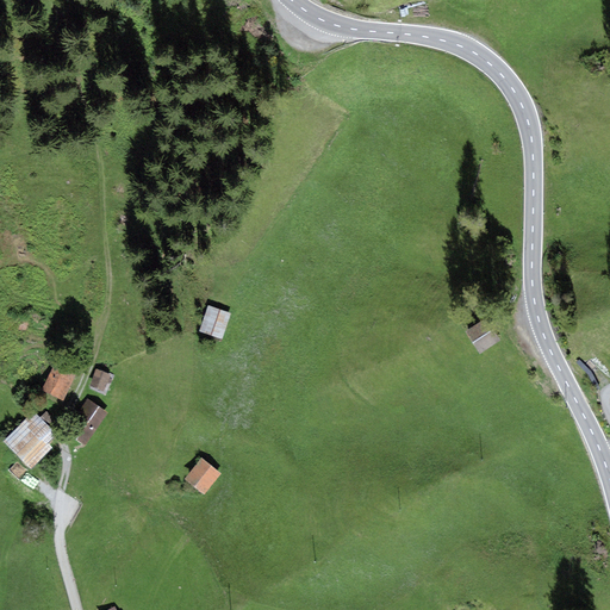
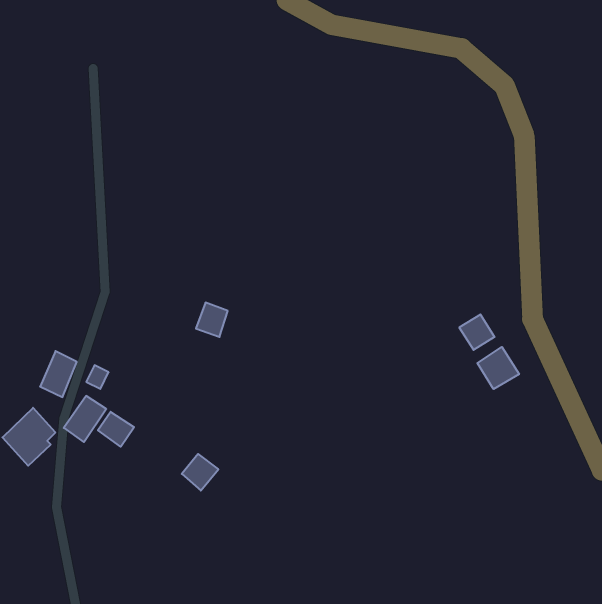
building: none -> [477,347,519,389]
building: none -> [98,412,134,447]

